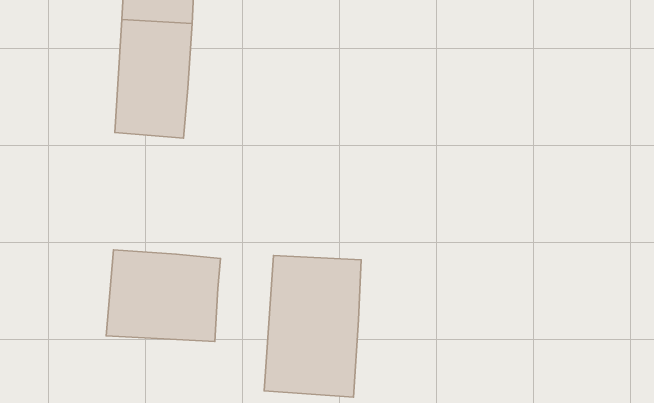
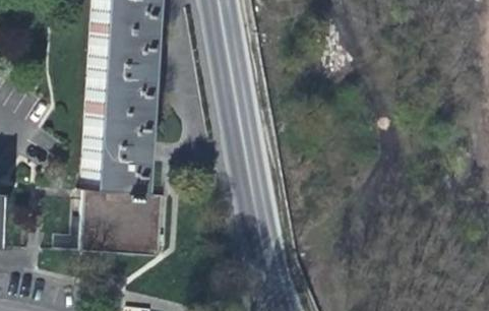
building: none -> [90,109,145,195]
building: [264,255,361,397] -> none

